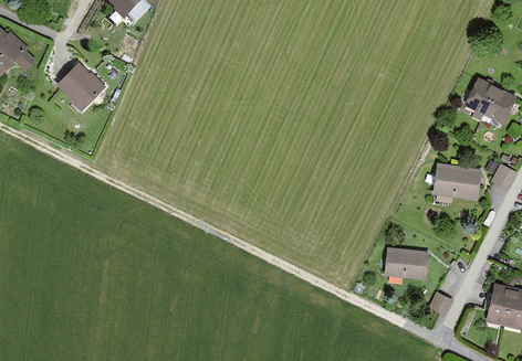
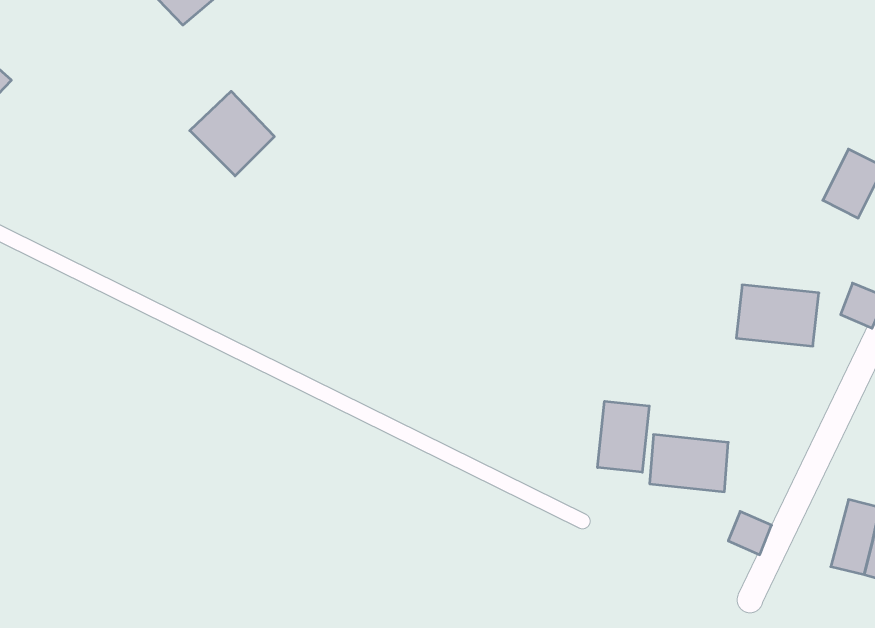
building: [56,62,104,109] -> [190,91,274,176]
building: [463,77,497,116] -> none
building: none -> [598,401,649,472]

